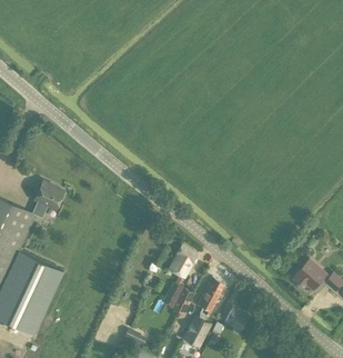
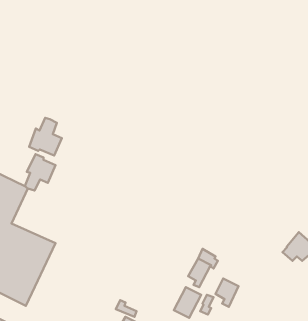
building: none -> [29,118,62,155]
building: [163,245,196,314] -> none

